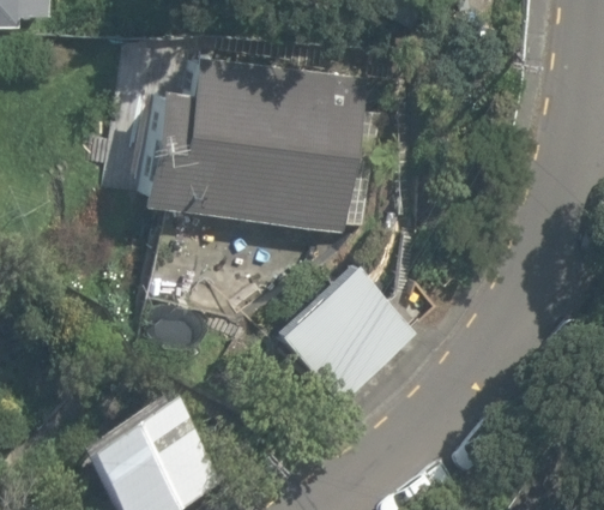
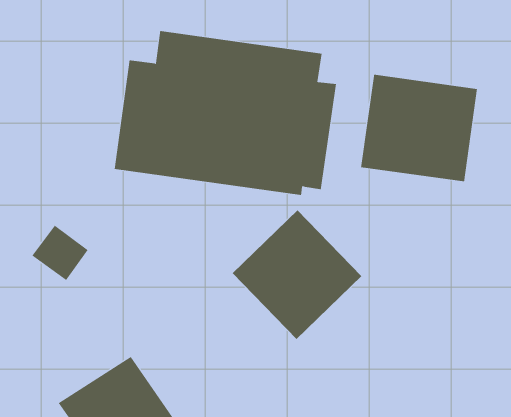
building: none -> [361,74,478,182]

